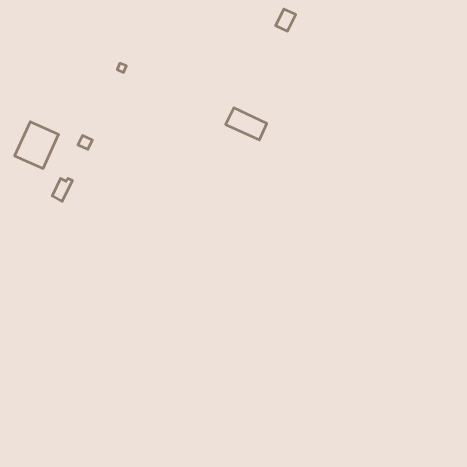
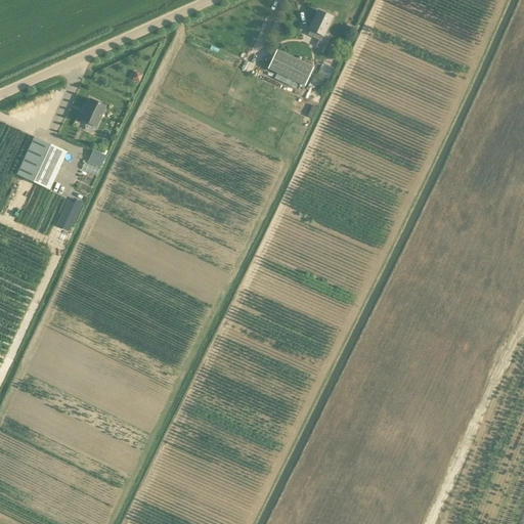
building: none -> [77,97,104,126]
building: [226,108,267,140] -> [266,49,312,85]

